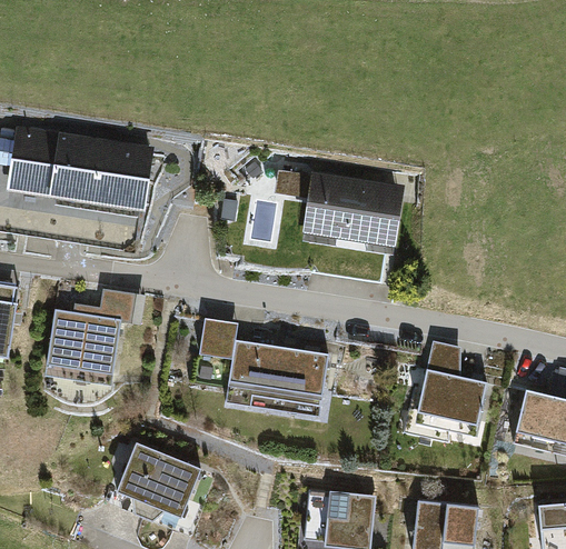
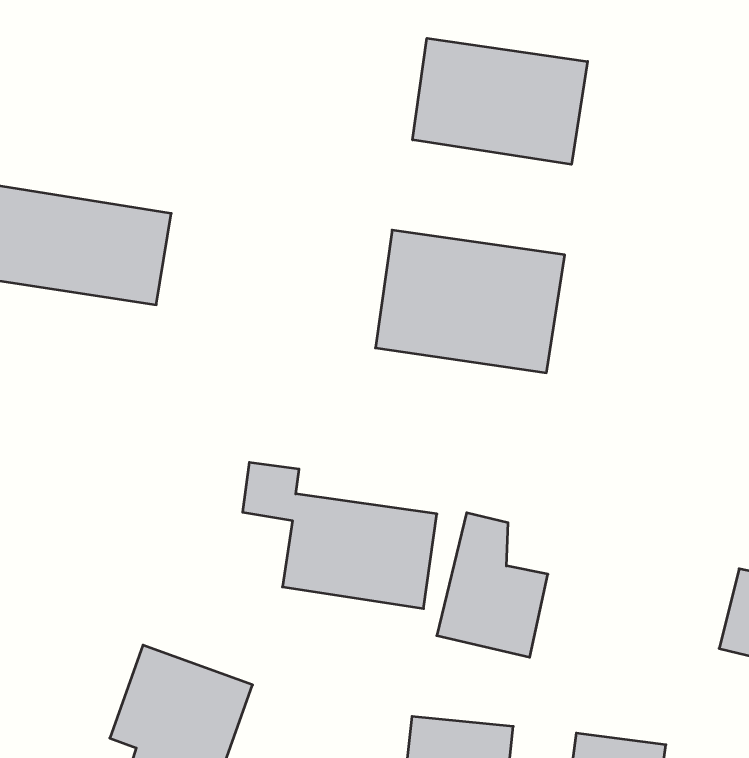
building: none -> [413,38,588,164]
building: [40,289,137,382] -> none
building: [415,339,489,436] -> [437,513,548,657]

